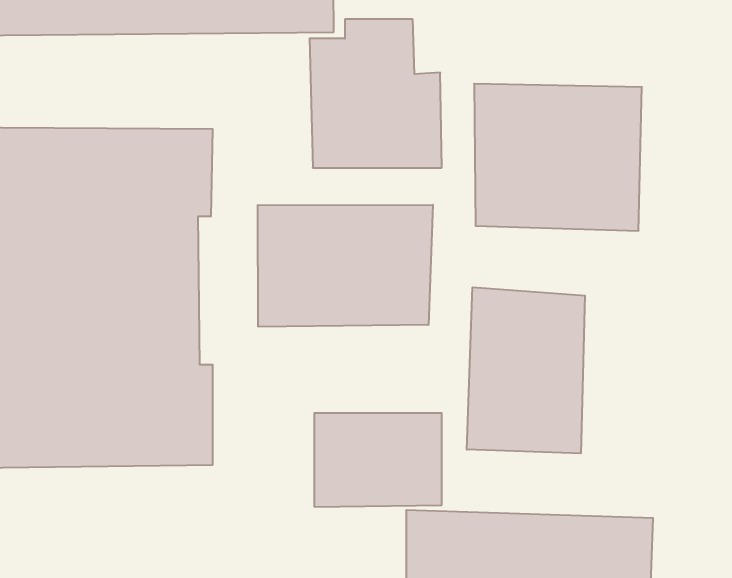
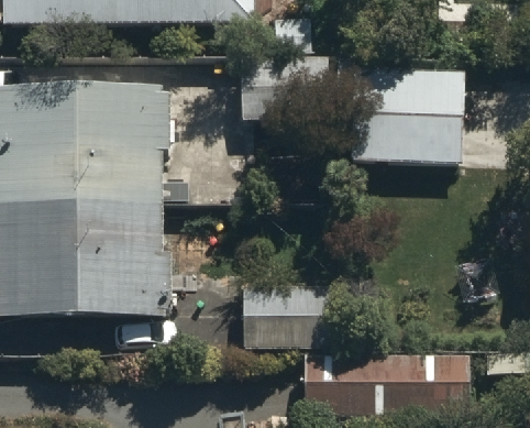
building: [258,205,433,327] -> none
building: [467,287,585,453] -> none

